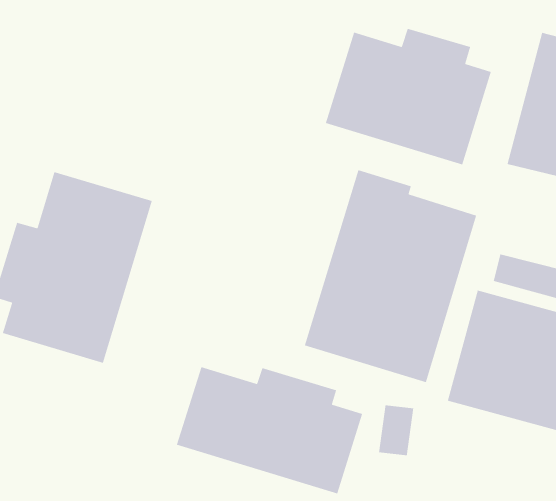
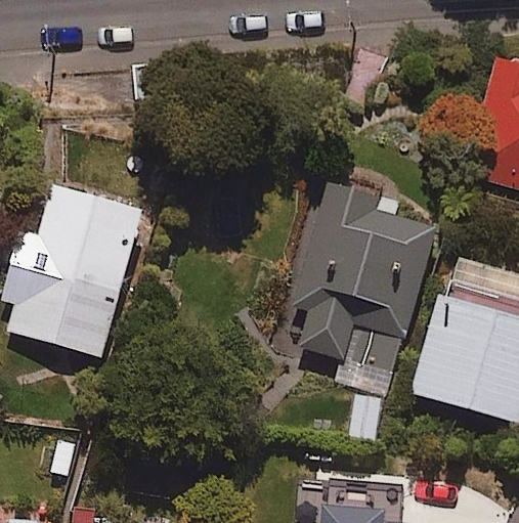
building: [325,28,492,166] -> none
building: [176,366,363,495] -> none

